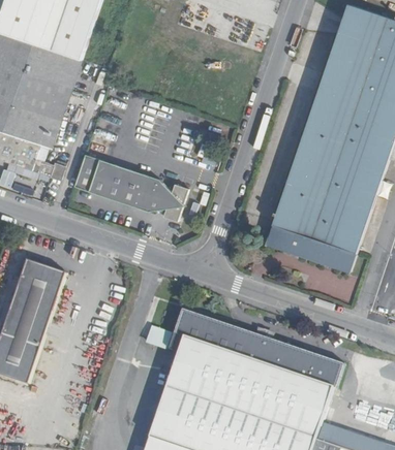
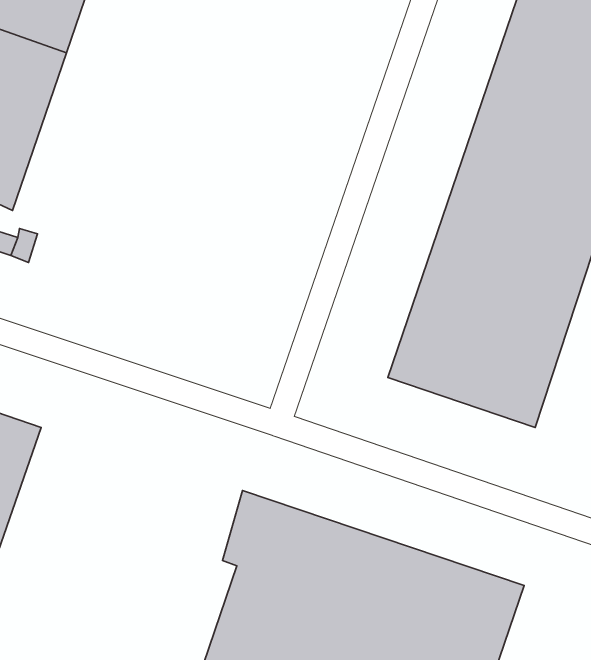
building: [72,152,187,221] -> none

